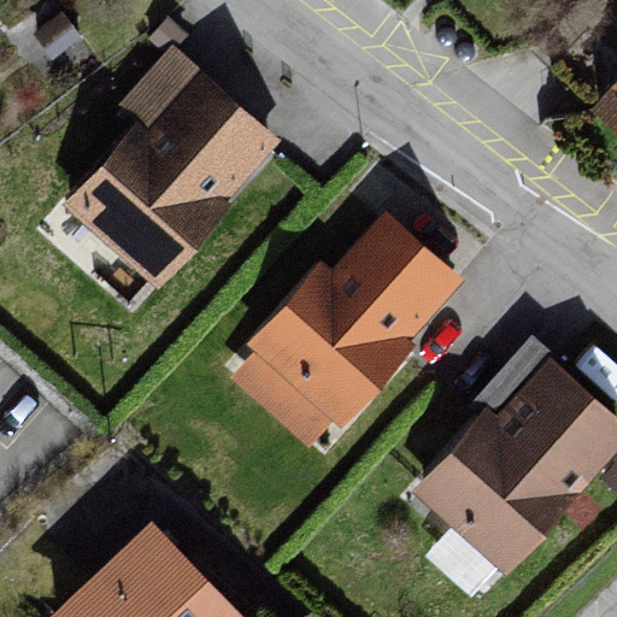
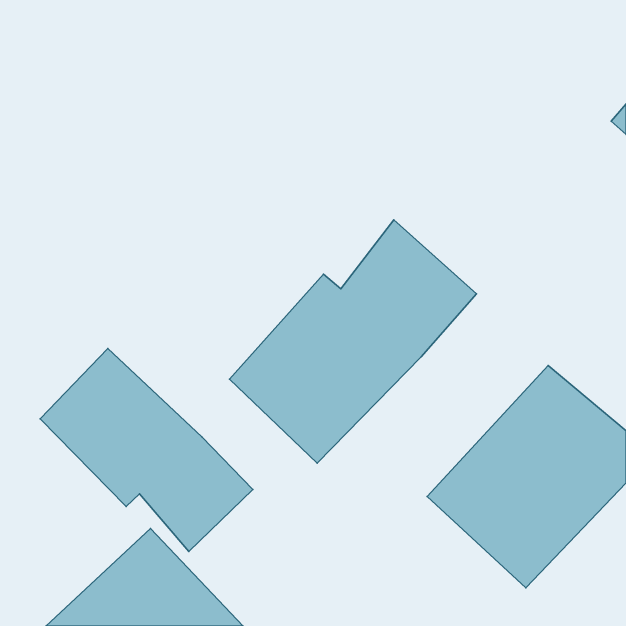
building: [64,65,275,290] -> none
building: none -> [40,348,253,552]

